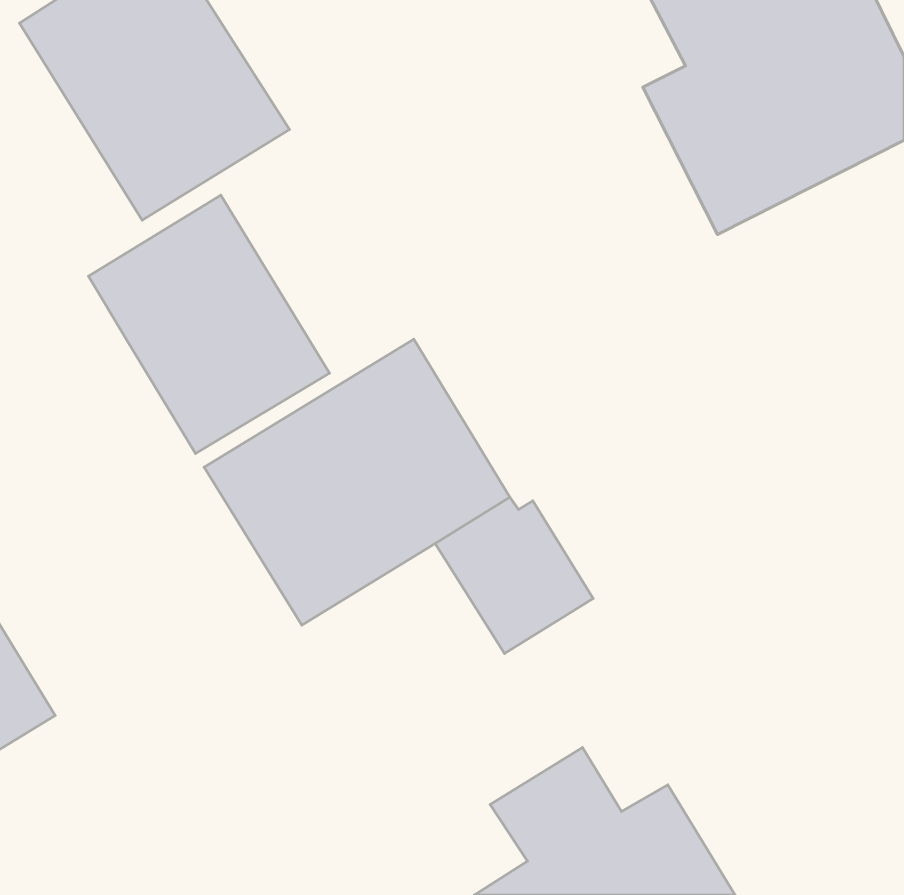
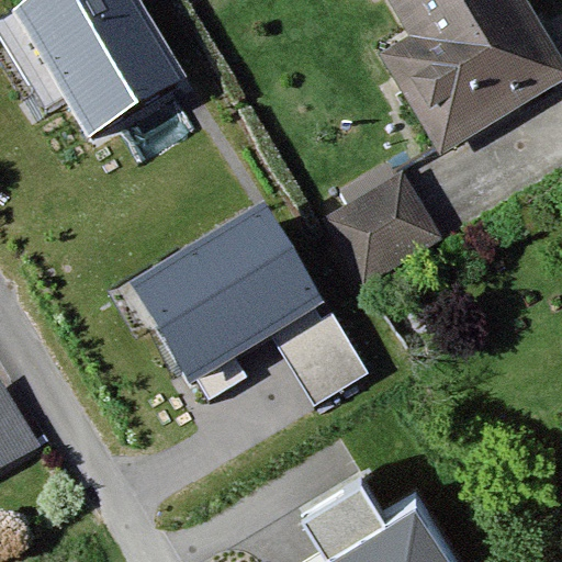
building: [88,195,329,454] -> none
building: none -> [324,173,438,283]

